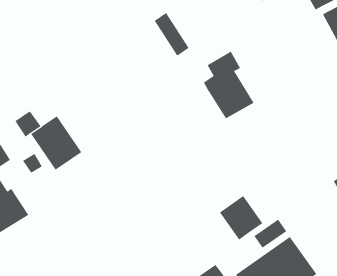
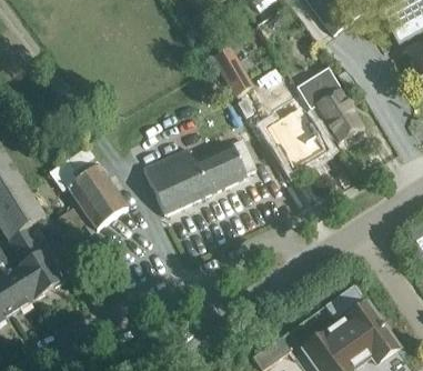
building: none -> [294,66,363,140]
building: none -> [142,139,253,212]
building: [219,195,263,241] -> none

